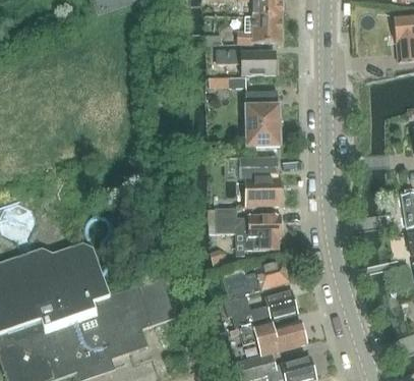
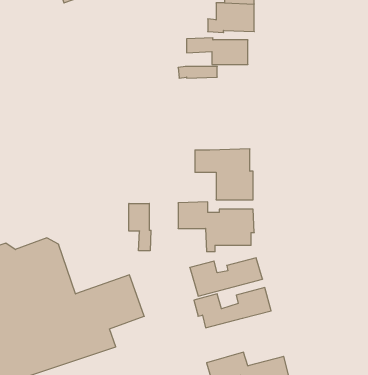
building: [244,91,279,146] -> none
building: none -> [129,203,151,251]
building: [237,320,305,353] -> none

